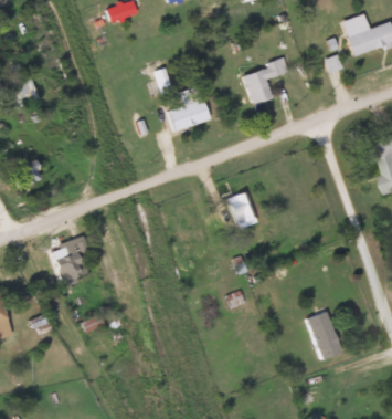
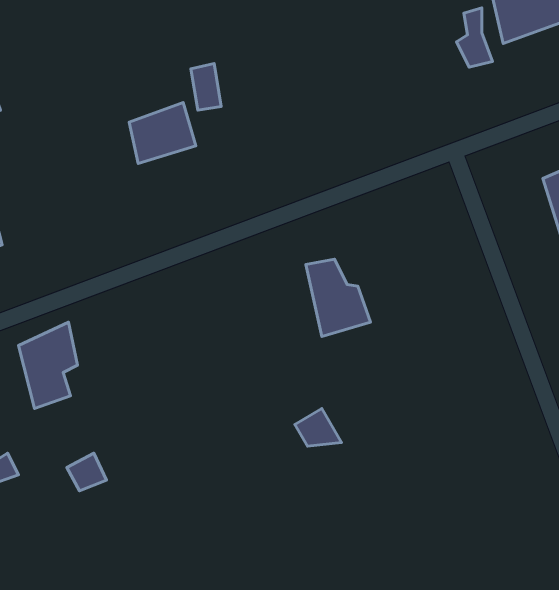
building: [243,52,288,105] -> none
building: [168,95,209,133] -> [129,103,196,164]
building: [306,306,343,362] -> none

